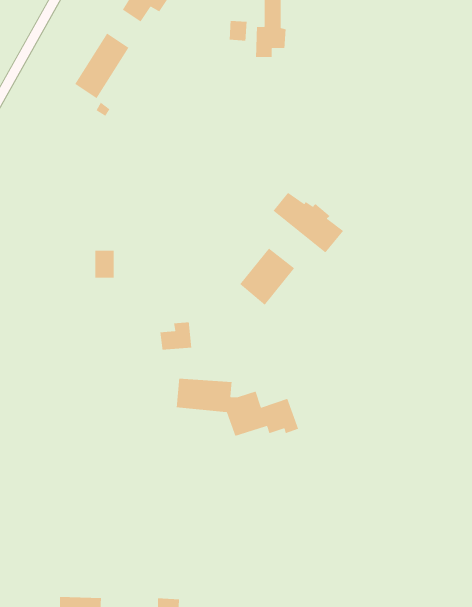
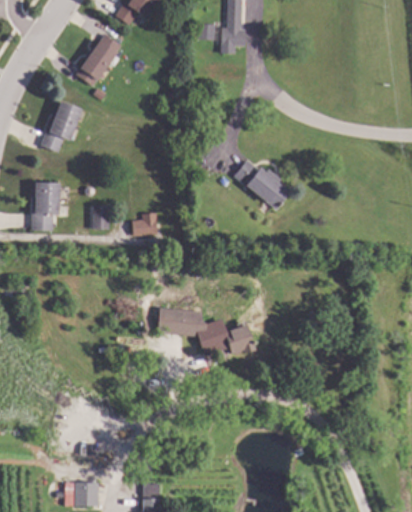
building: none -> [40,101,81,152]
building: none -> [31,183,59,230]
building: [239,247,295,306] -> none
building: [159,322,192,351] -> [131,213,157,236]

